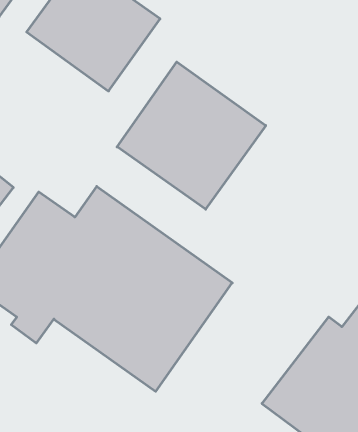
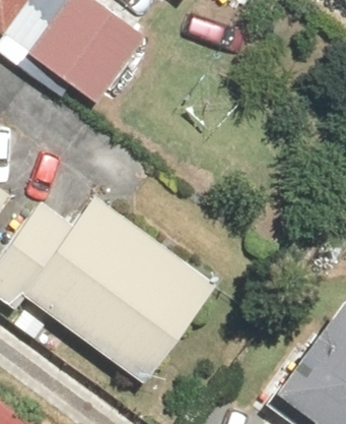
building: [117,62,266,209] -> none

